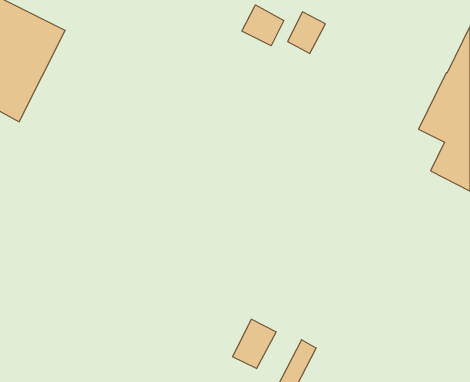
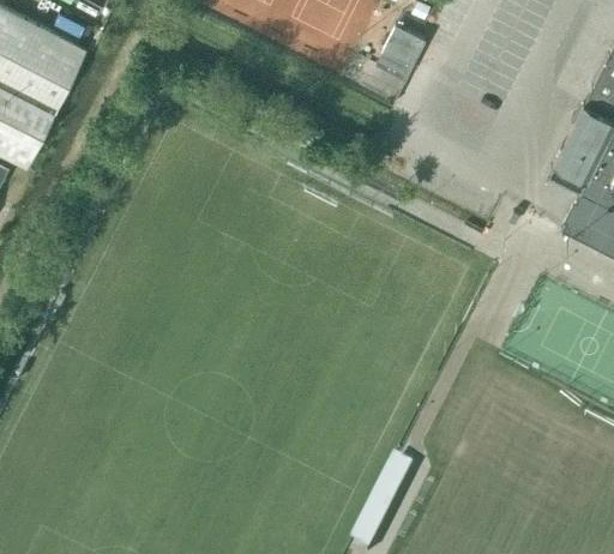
building: [242,5,284,46] -> none
building: [233,319,276,369] -> none

